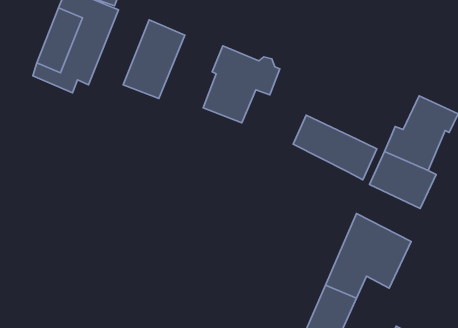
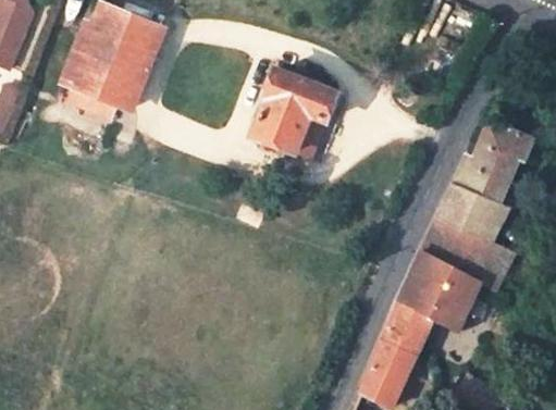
building: [123,20,185,99] -> none
building: [293,115,377,180] -> [421,219,512,289]

